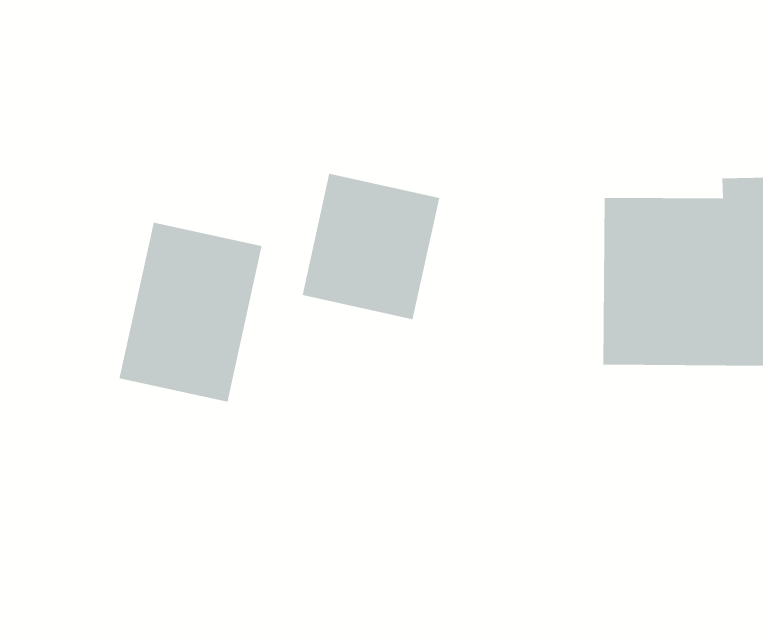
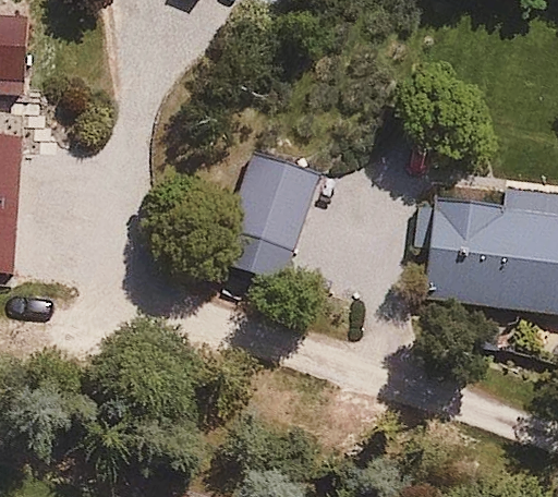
building: [119,222,262,402] -> none

